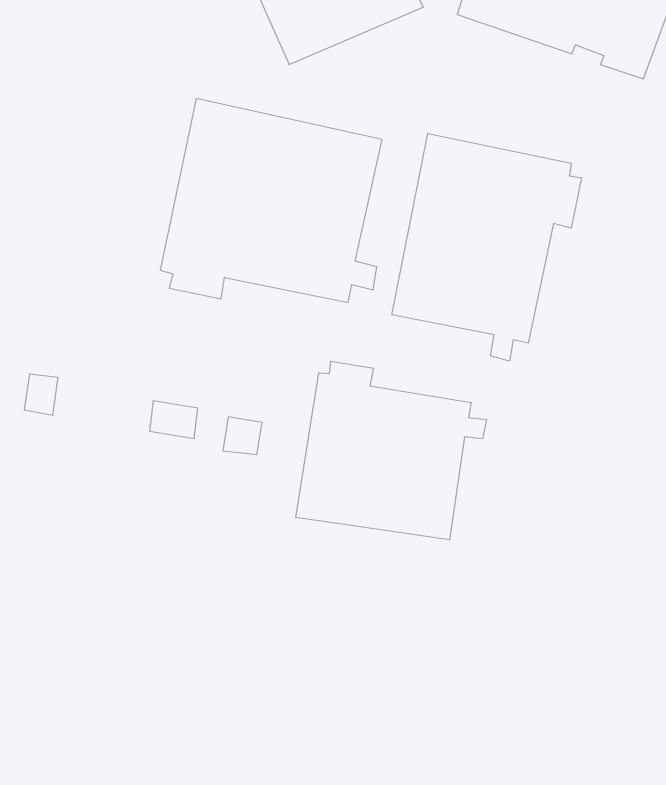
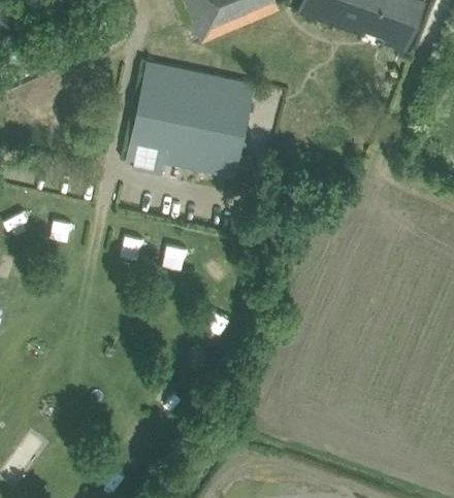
building: [392,133,582,361] -> none
building: [296,361,486,540] -> none

